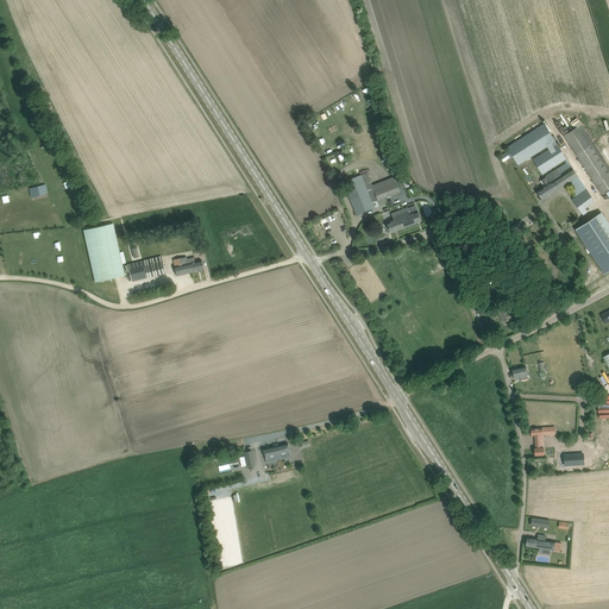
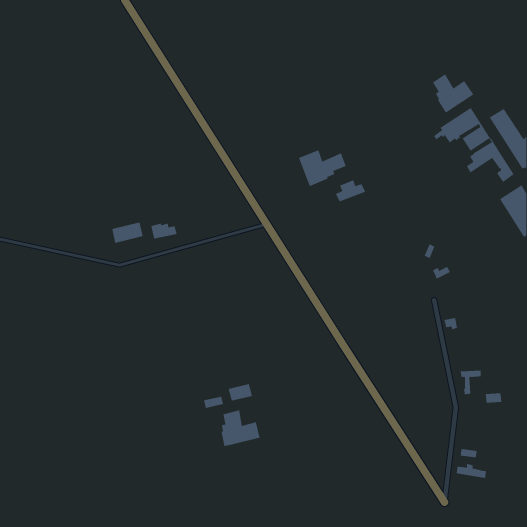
building: none -> [432,73,474,114]
building: [83,224,125,283] -> none
building: none -> [221,410,260,447]

